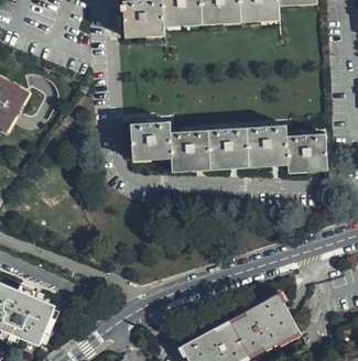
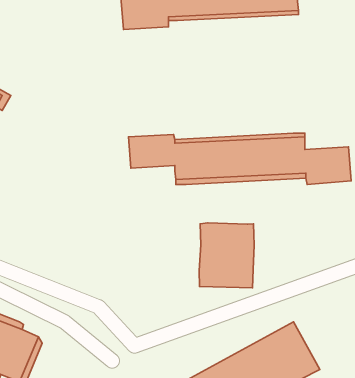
building: none -> [199,223,254,288]

